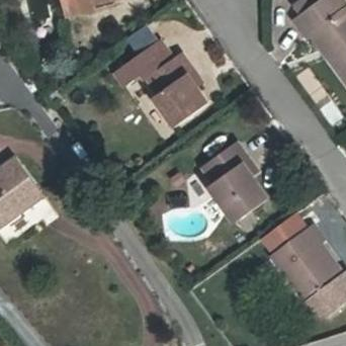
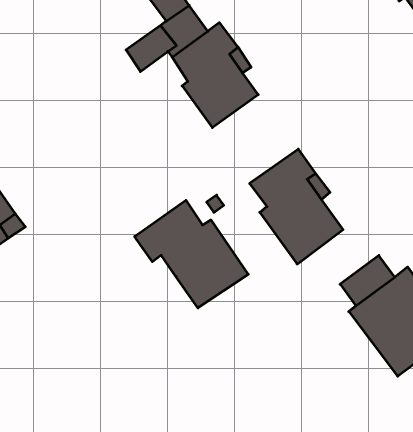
building: none -> [135,200,248,308]

